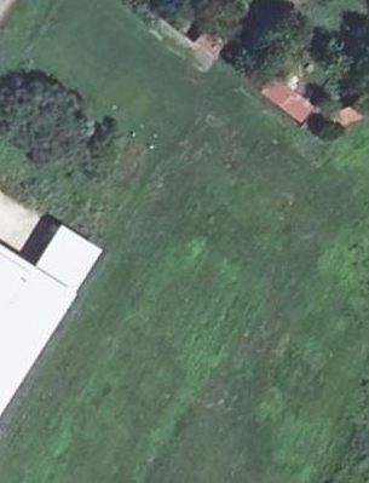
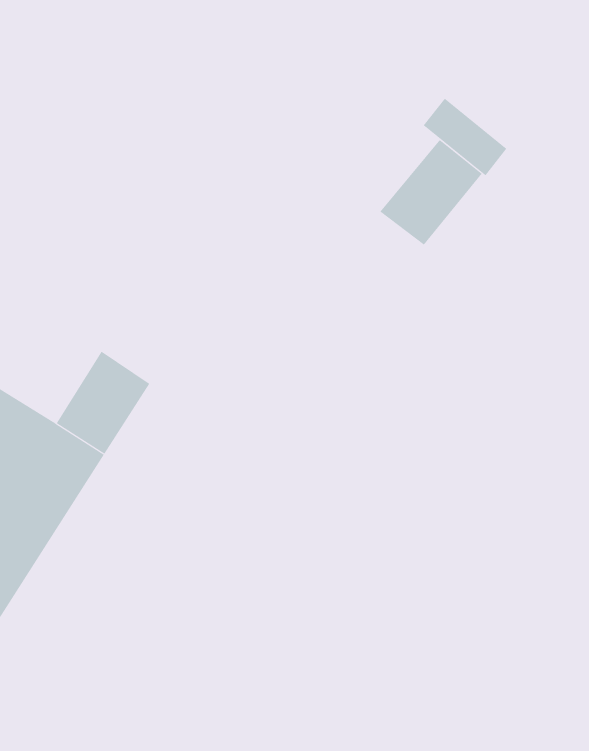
building: none -> [379,139,482,245]

